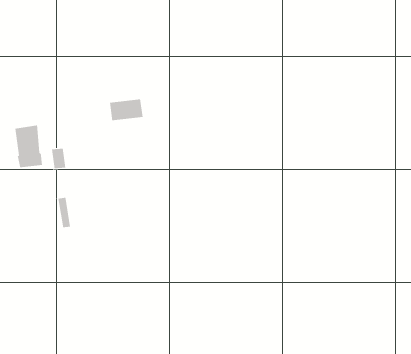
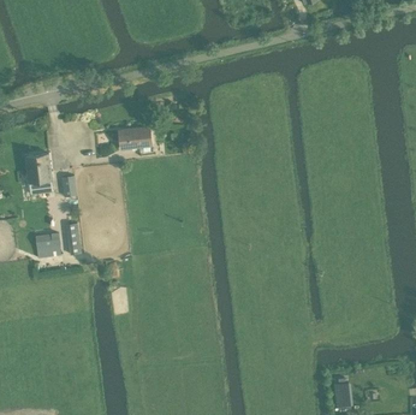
building: none -> [34,233,59,259]

